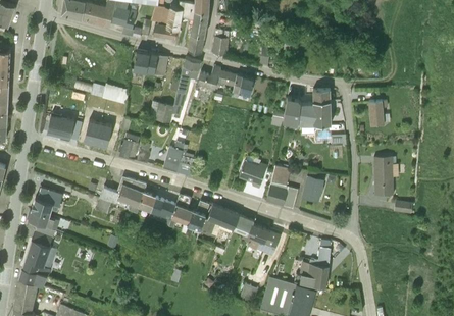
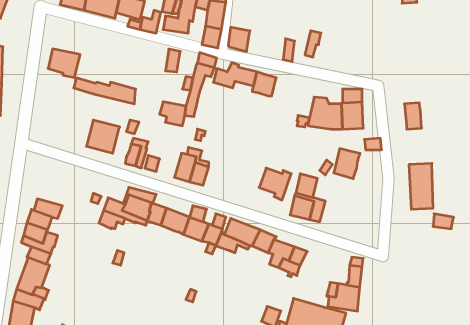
building: [133,50,157,73] -> none
building: [46,114,74,140] -> [48,49,80,78]
building: [300,176,323,203] -> [334,149,360,179]

